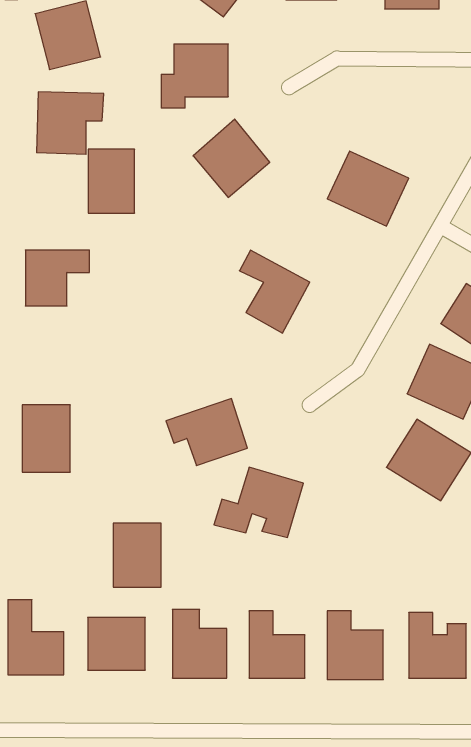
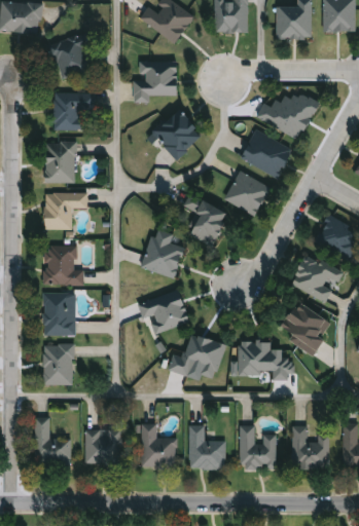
building: none -> [254,90,316,139]
building: [88,149,135,213] -> [45,142,75,183]
building: none -> [222,170,270,216]
building: none -> [141,227,183,277]
building: none -> [43,245,83,285]
building: none -> [229,341,291,379]
building: [113,523,161,587] -> [43,344,74,385]

